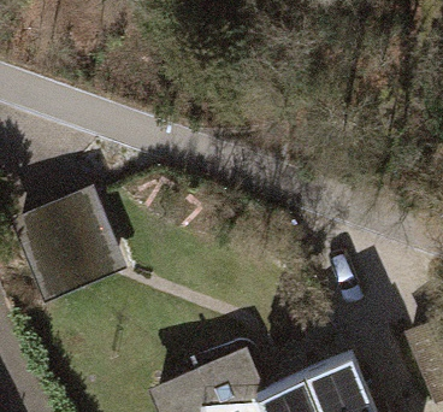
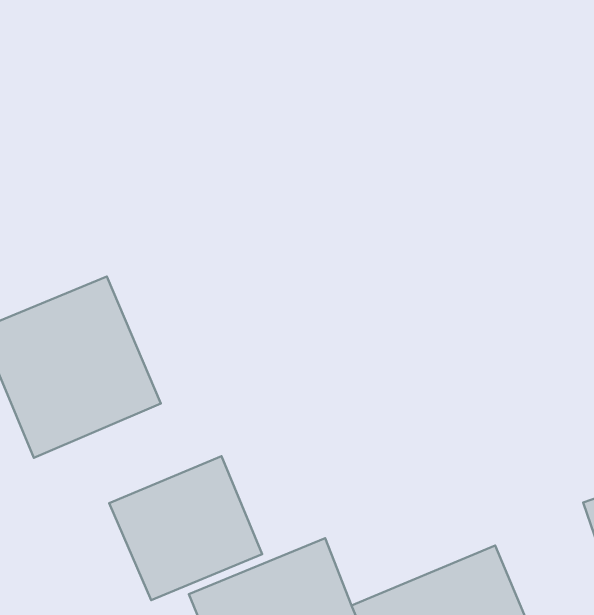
building: none -> [109,456,262,600]

